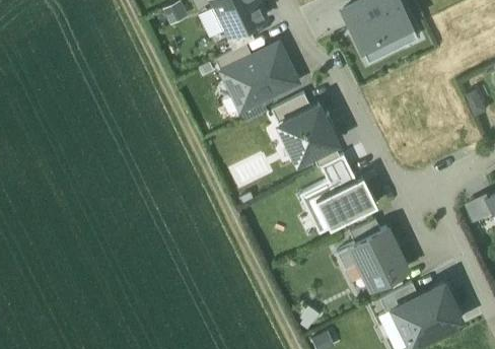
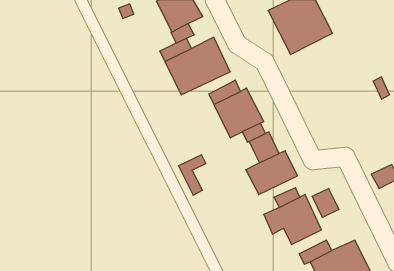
building: [300,183,333,230] -> [178,155,206,195]
building: none -> [312,188,339,217]

